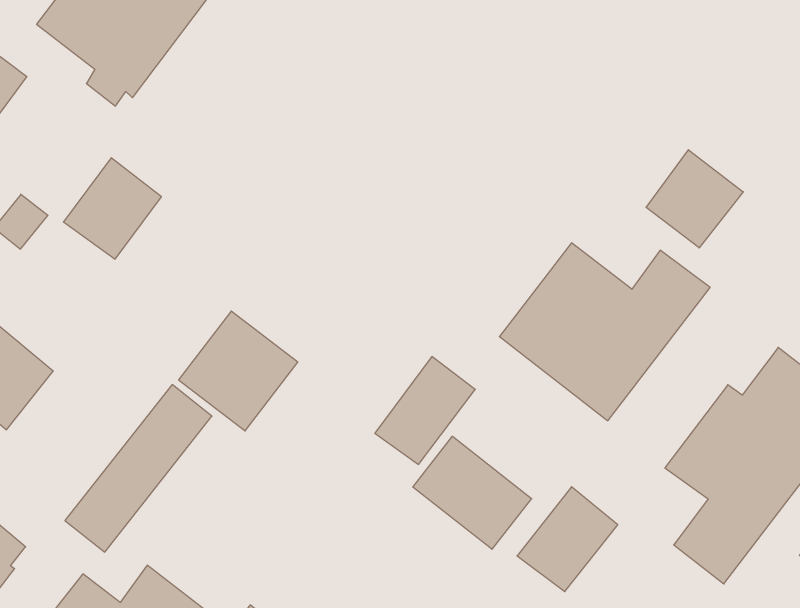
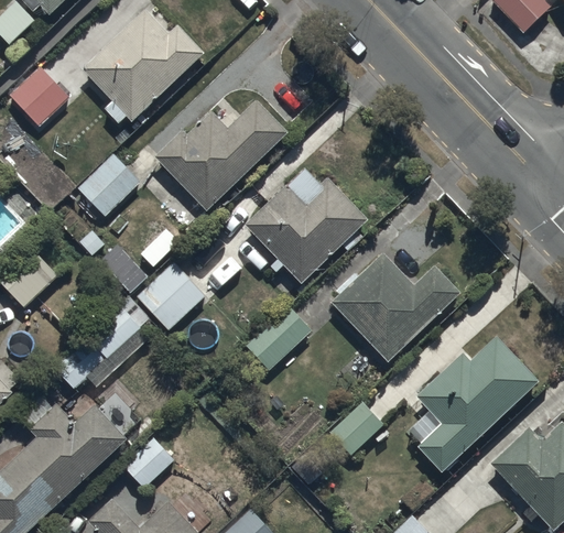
building: none -> [151,99,291,214]
building: none -> [243,180,369,285]
building: [646,150,743,248] -> none
building: [413,436,532,549] -> none

